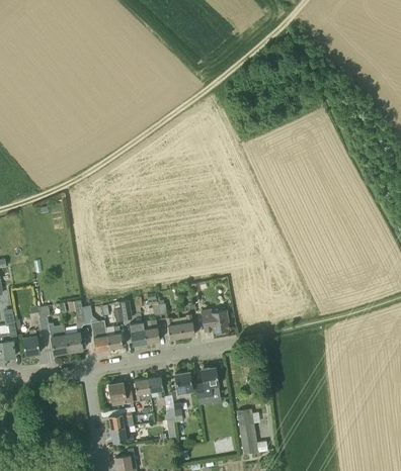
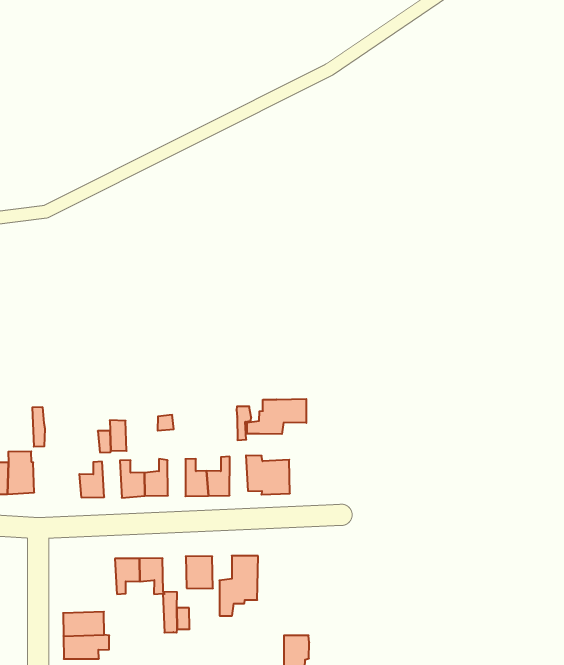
building: none -> [247,399,306,434]
building: [91,321,109,353] -> none
building: [108,384,132,406] -> none

